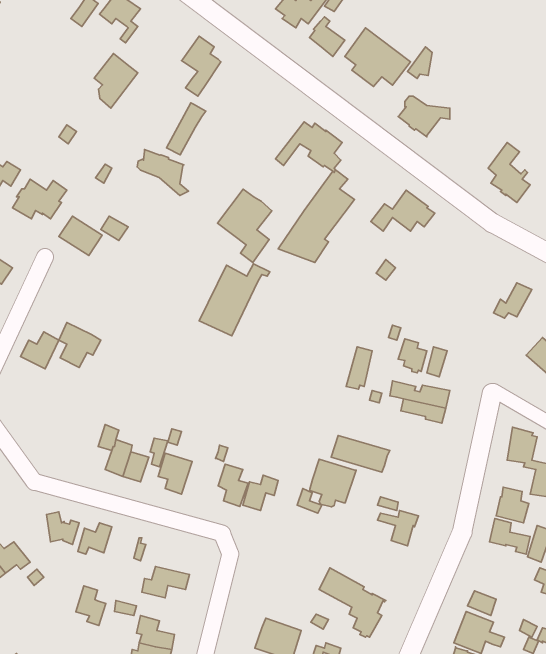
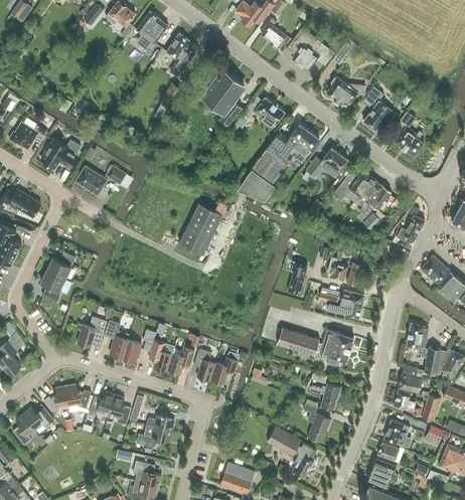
building: [94,54,138,108] -> [136,11,168,51]
building: none -> [362,87,400,130]
building: [137,150,189,196] -> none
building: none -> [283,123,320,163]
building: [217,189,272,263] -> [203,70,244,125]
building: none -> [333,171,391,228]
building: [59,322,101,367] -> [41,270,72,303]
building: none -> [78,317,107,347]
building: [310,459,356,507] -> [320,329,354,364]
building: none -> [168,347,194,374]
building: none -> [44,386,69,414]
building: none -> [303,403,330,442]
building: none -> [142,406,175,431]
building: none -> [383,420,410,446]
building: [76,586,106,625] -> [109,395,131,425]

